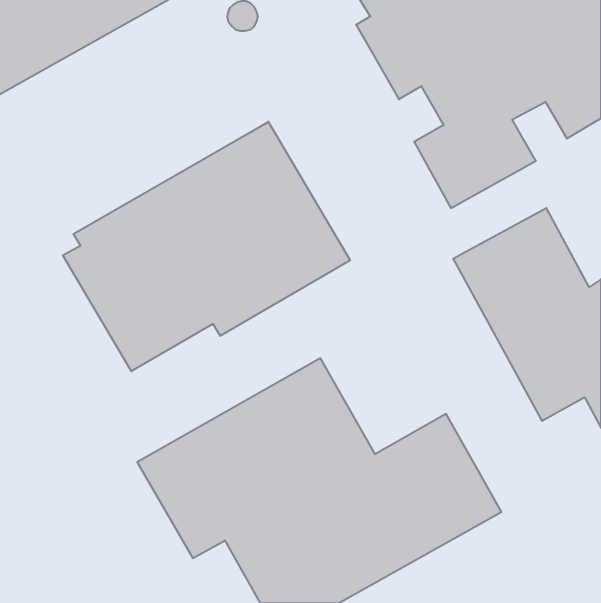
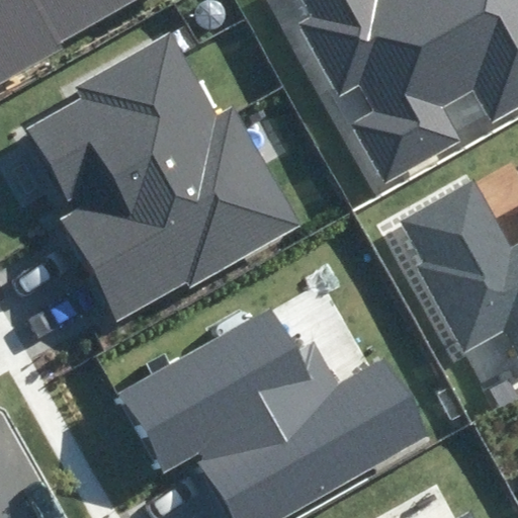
building: none -> [18,38,212,200]

